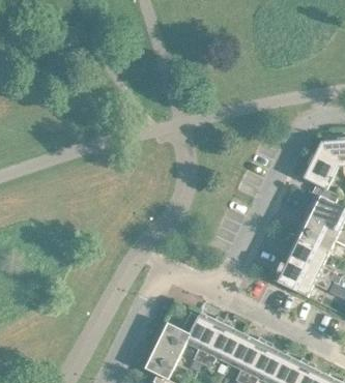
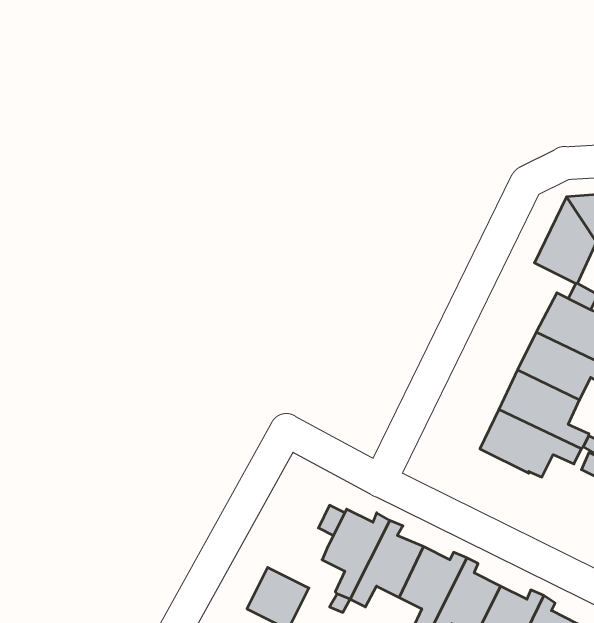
building: [156,323,190,357] -> none

